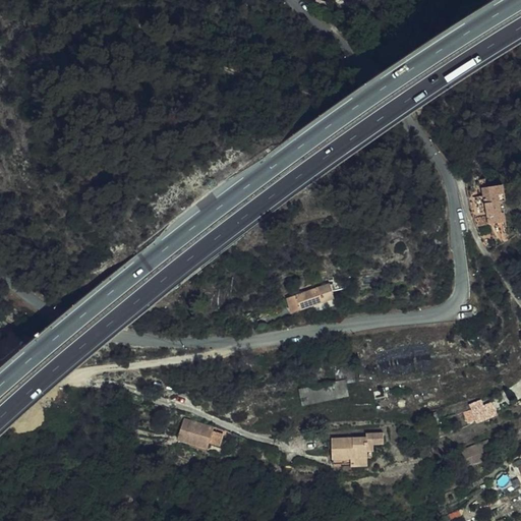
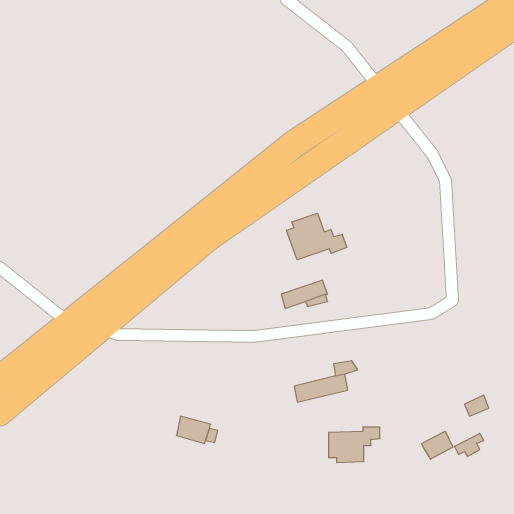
building: [481,185,505,224] -> none
building: none -> [286,213,347,260]
building: none -> [422,431,453,459]

